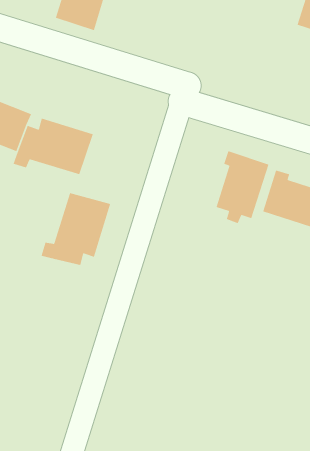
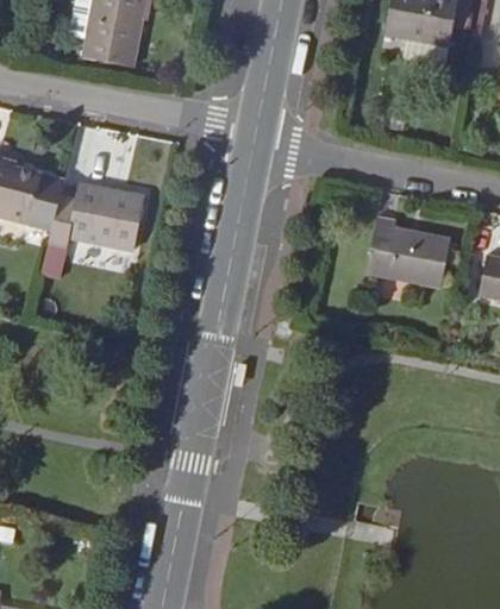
building: [216,150,270,224] -> none
building: [40,192,111,266] -> none

